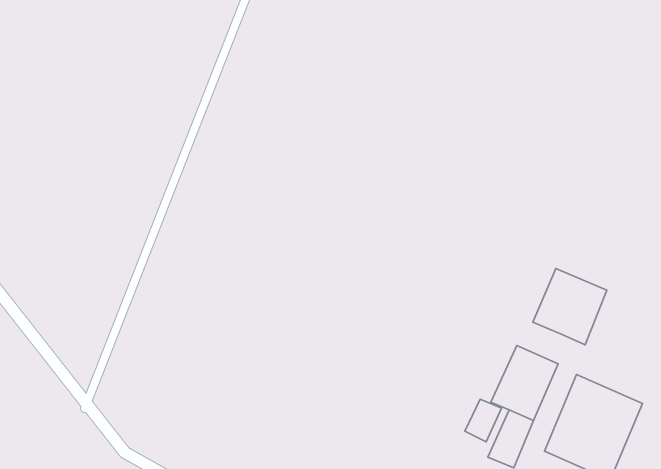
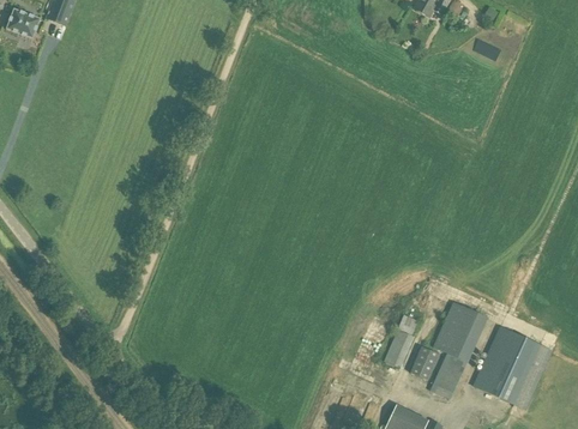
building: [533,269,607,345] -> none
building: none -> [385,326,415,364]

